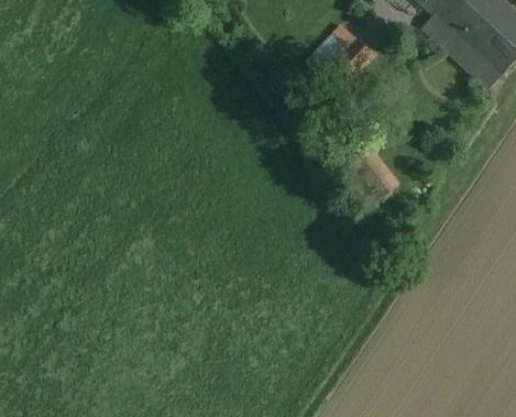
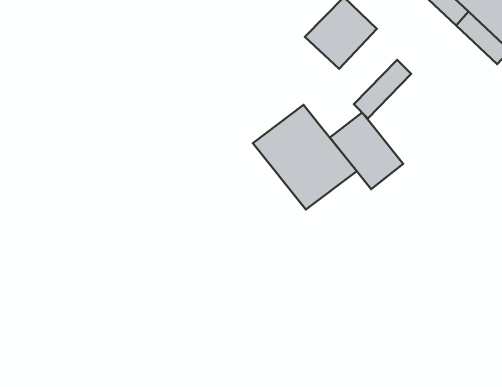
building: none -> [354,60,411,118]
building: none -> [253,105,357,210]

